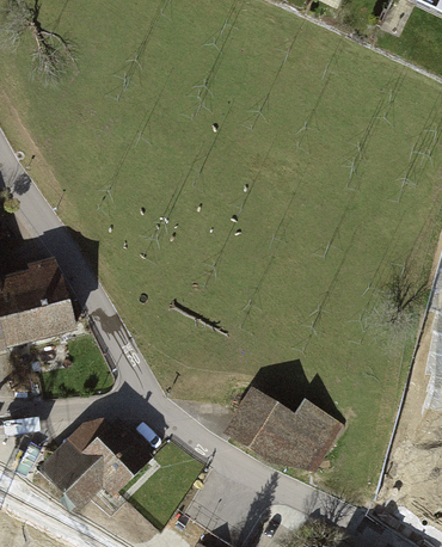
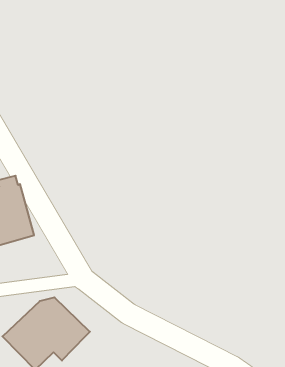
building: [226,389,332,462] -> none

